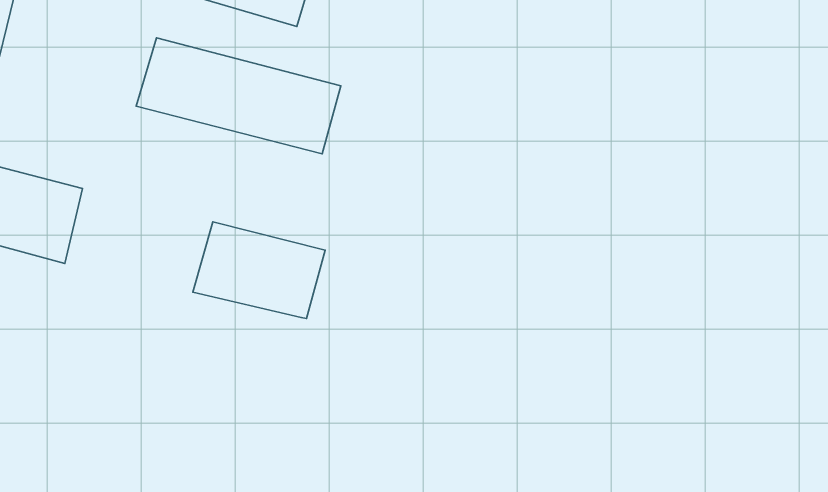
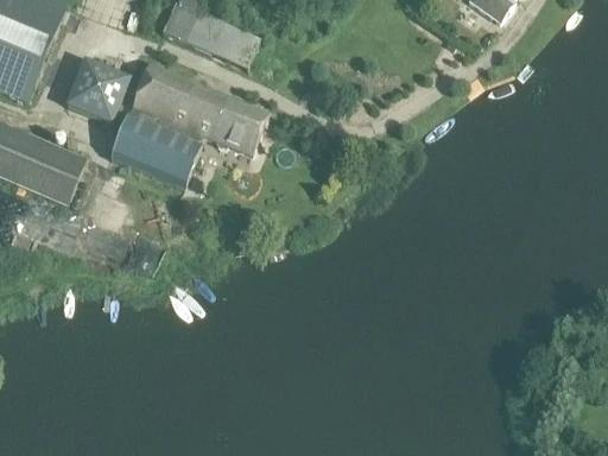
building: none -> [65,58,128,122]
building: [193,222,325,318] -> [109,113,202,186]

